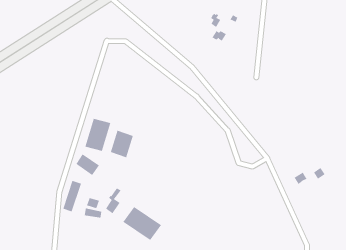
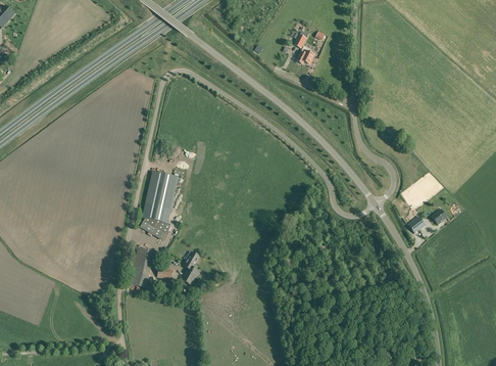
building: [110,130,134,158] -> none
building: [122,206,162,241] -> none

